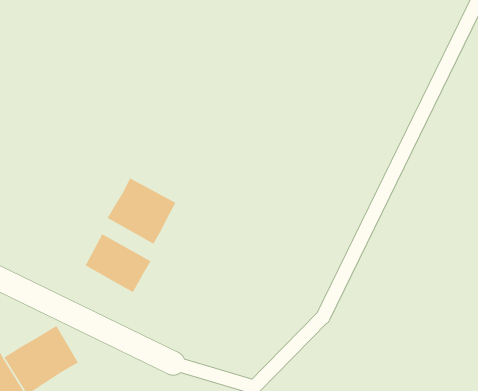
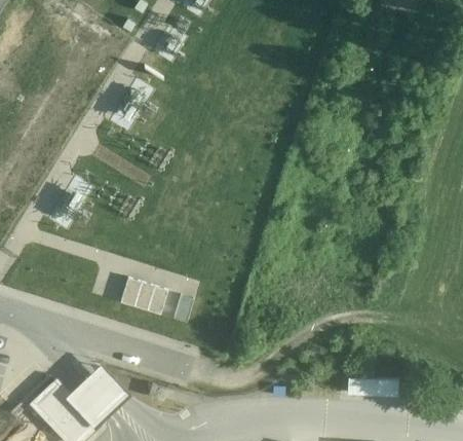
building: [107,177,176,244] -> none

